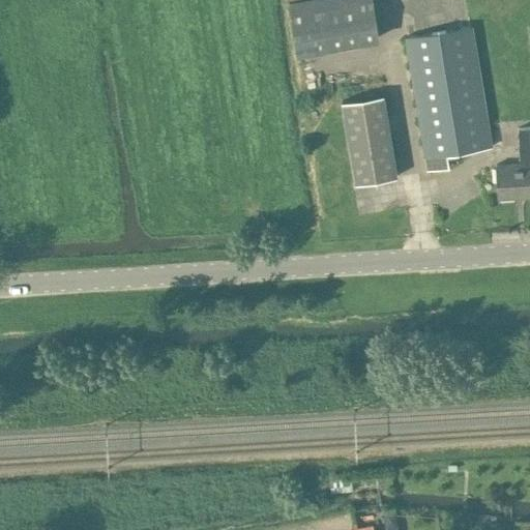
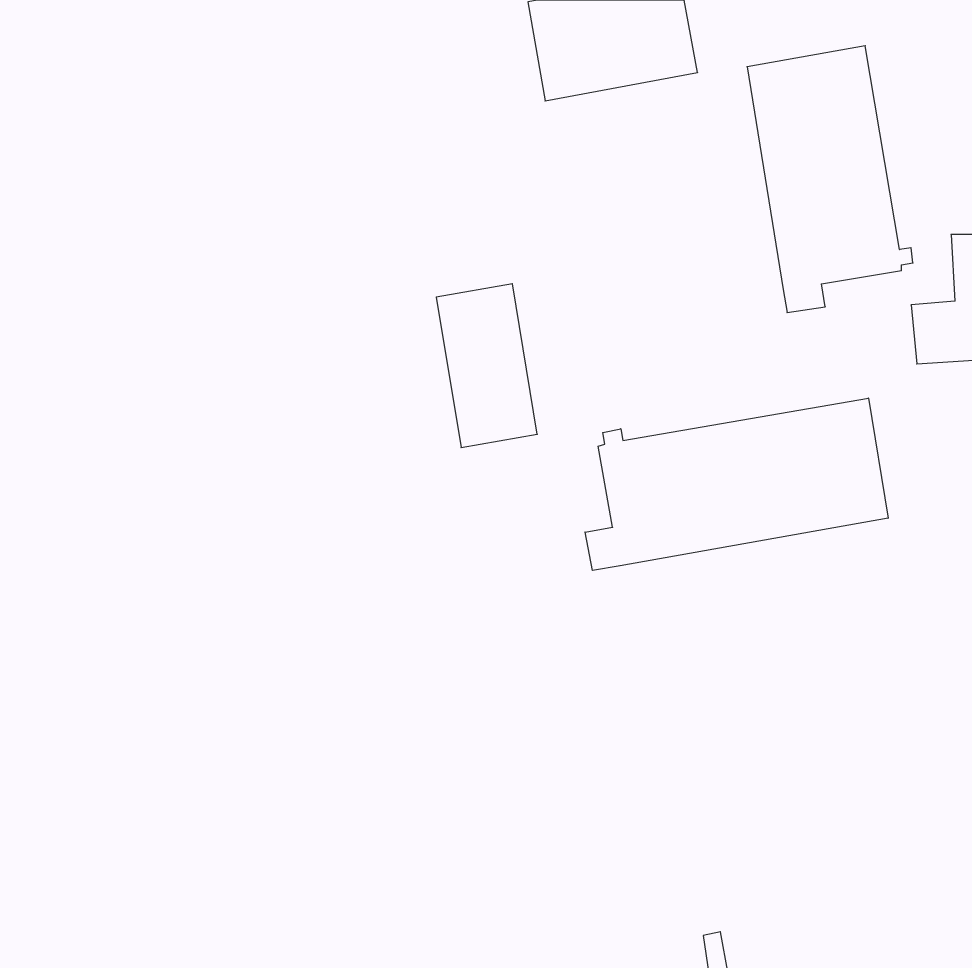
building: [343,97,398,186] -> [436,284,537,448]
building: none -> [585,398,888,570]

